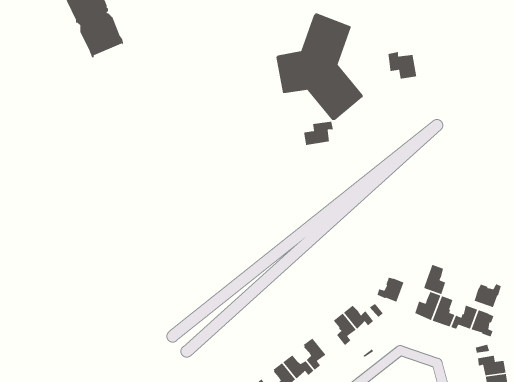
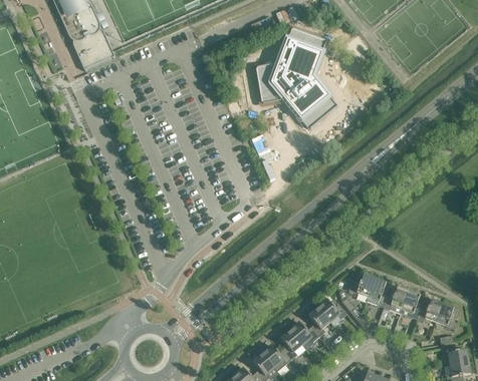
building: [388,51,417,80] -> none
building: [303,121,334,146] -> none
building: [423,264,446,295] -> [368,278,389,307]
building: [474,283,502,308] -> none
building: none -> [290,322,320,350]

